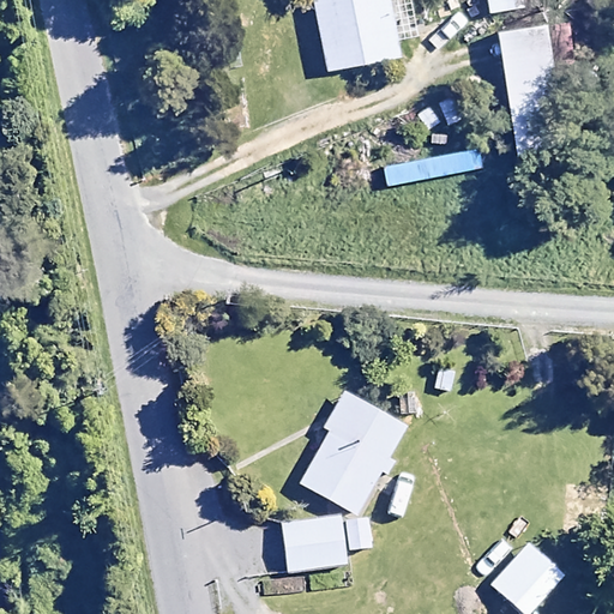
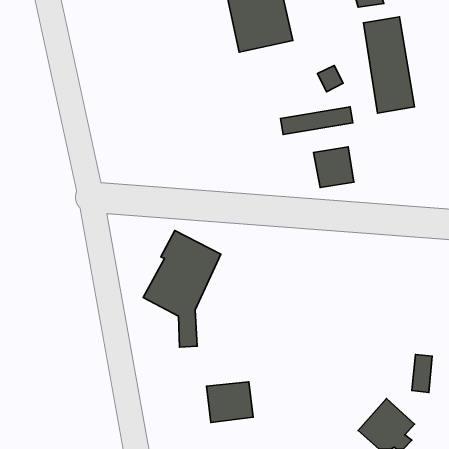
building: none -> [314,147,354,188]
building: [300,392,405,550] -> [143,230,221,347]

